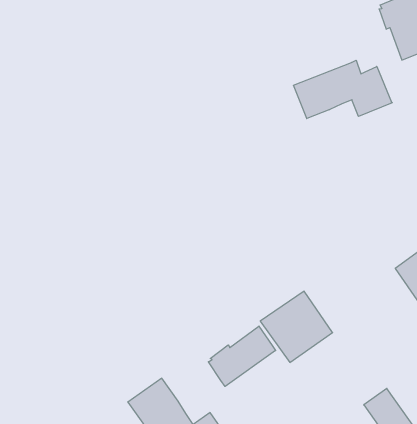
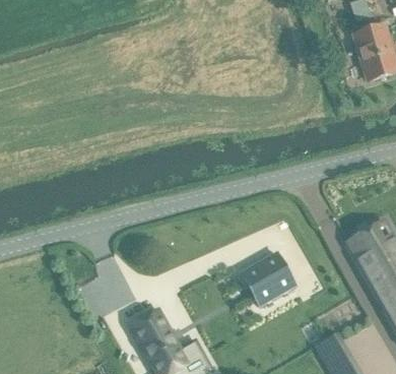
building: [293,60,392,119] -> none
building: [208,326,276,386] -> none

